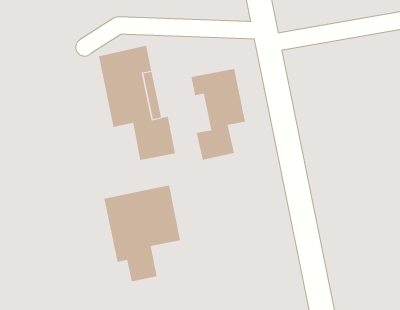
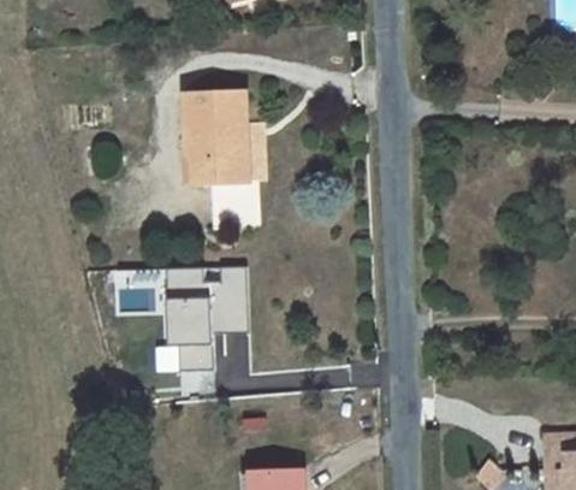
building: [191,68,246,161] -> none

